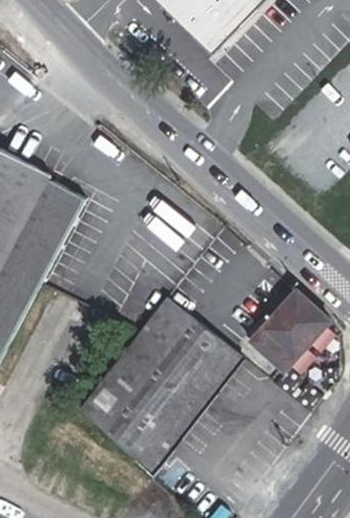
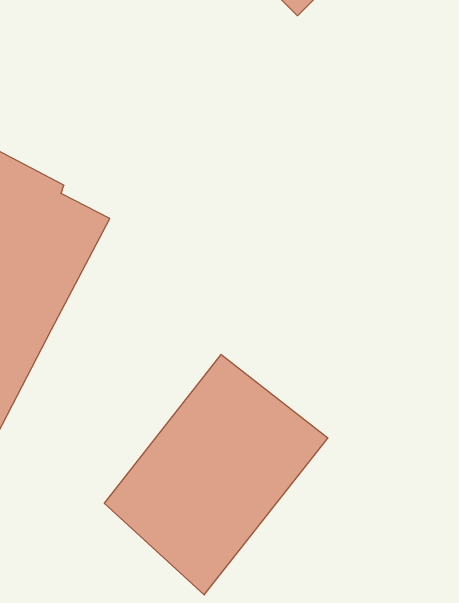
building: [248,288,330,369] -> none

